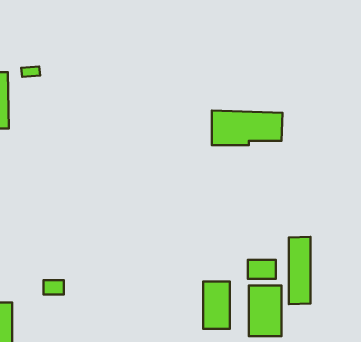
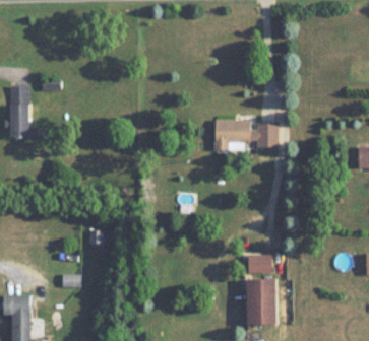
building: [289,237,311,304] -> none
building: [203,282,230,329] -> none

